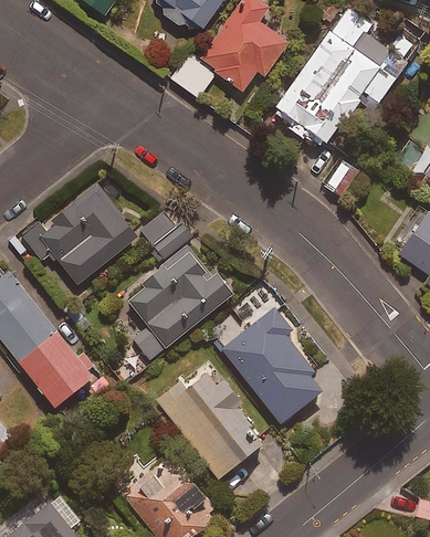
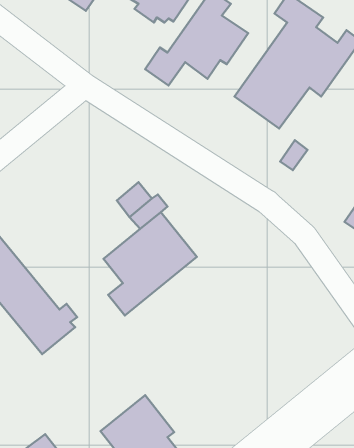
building: [22,186,136,285] -> none
building: [212,312,323,423] -> none
building: [157,364,264,477] -> none

